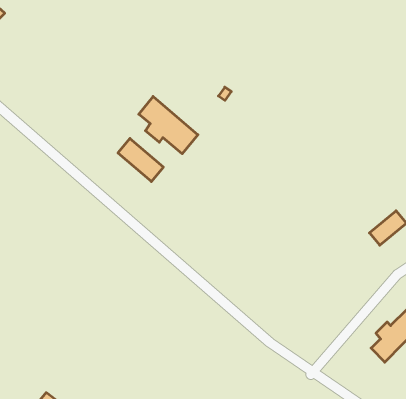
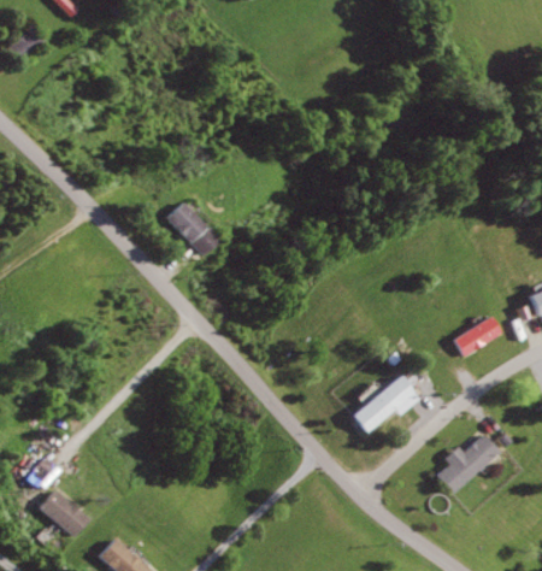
building: [139,96,198,154] -> none
building: none -> [357,375,417,431]

